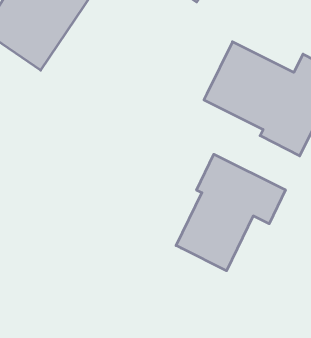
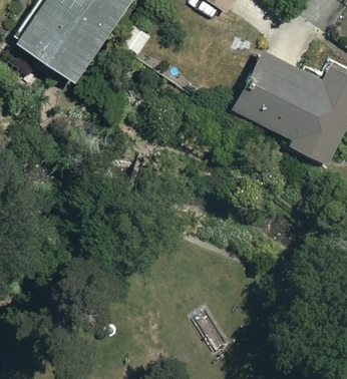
building: [176,154,285,271] -> none

